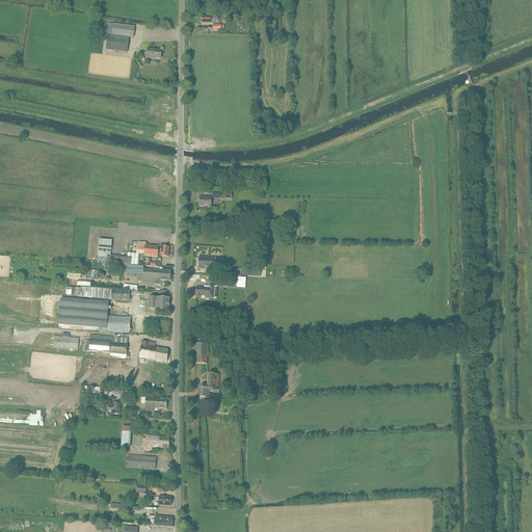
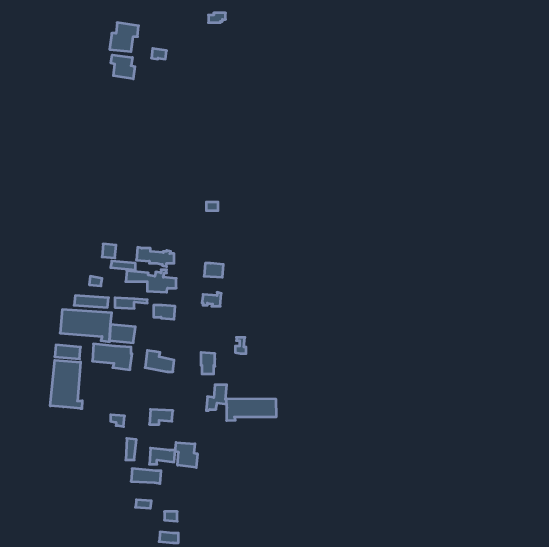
building: none -> [111,55,135,79]
building: none -> [50,360,82,409]
building: none -> [227,399,276,421]
building: none -> [175,442,197,468]

